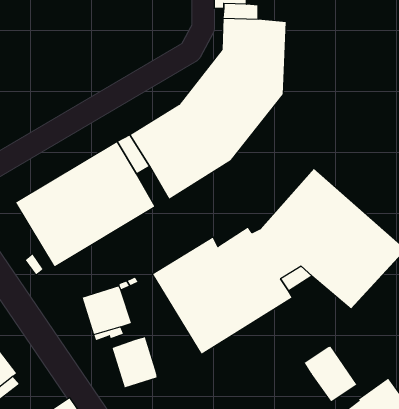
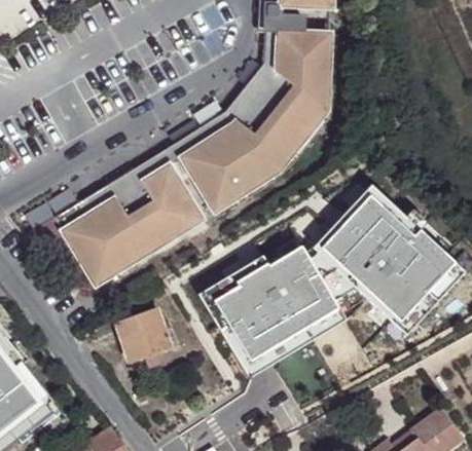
building: [112,337,157,388] -> none
building: [304,346,357,402] -> none

